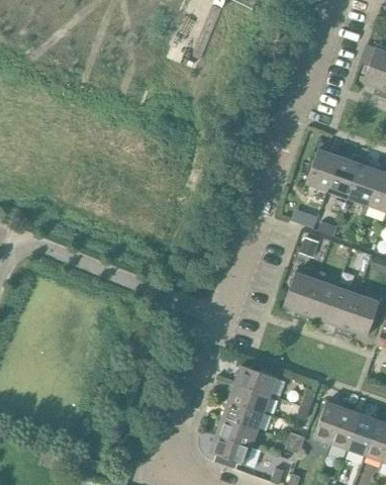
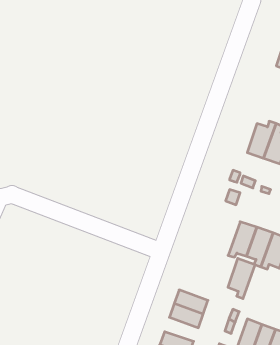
building: [305,141,339,192] -> none
building: [283,271,317,321] -> [228,258,255,299]
building: [222,399,265,429] -> none

